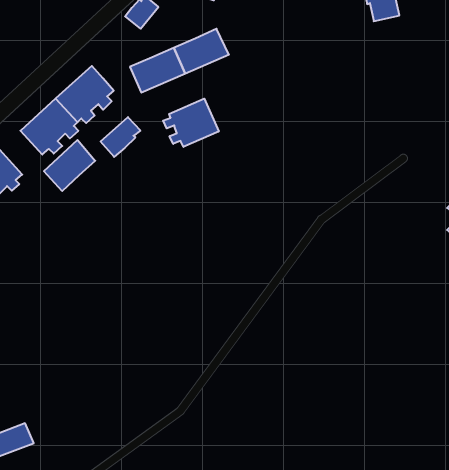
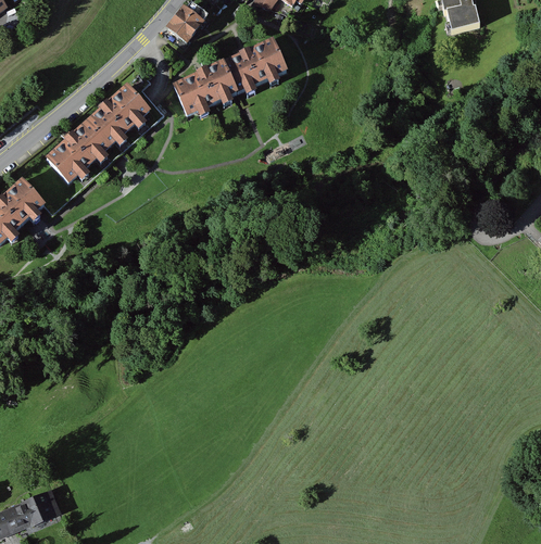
building: [163,99,219,147] -> none
building: [101,117,140,157] -> none
building: [44,140,95,191] -> none

